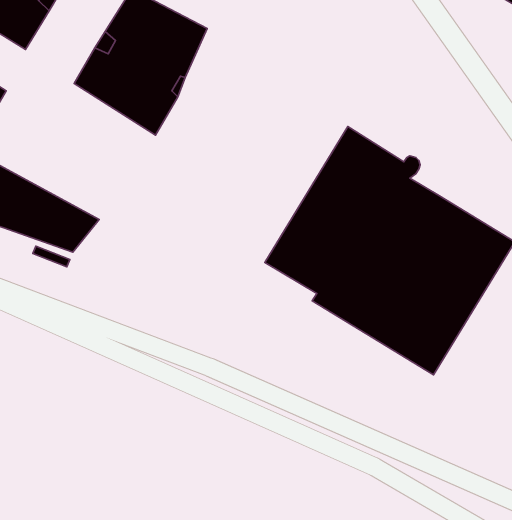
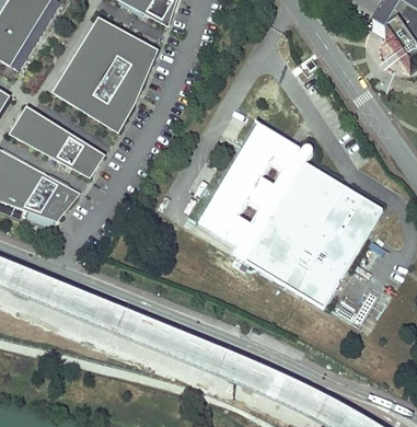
building: none -> [9,109,103,180]

